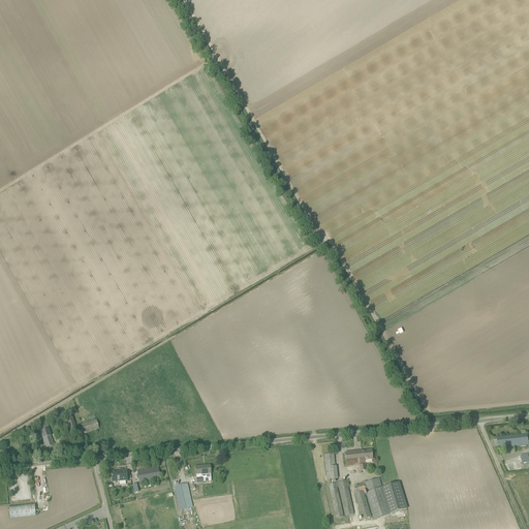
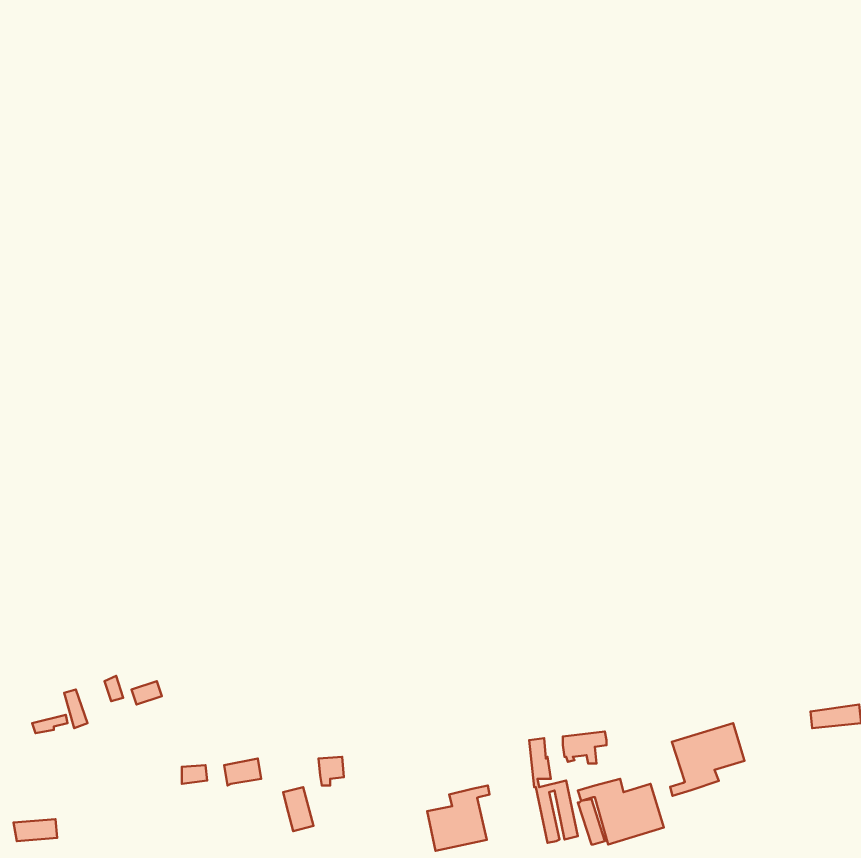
building: none -> [670,723,745,796]
building: none -> [427,785,489,851]

